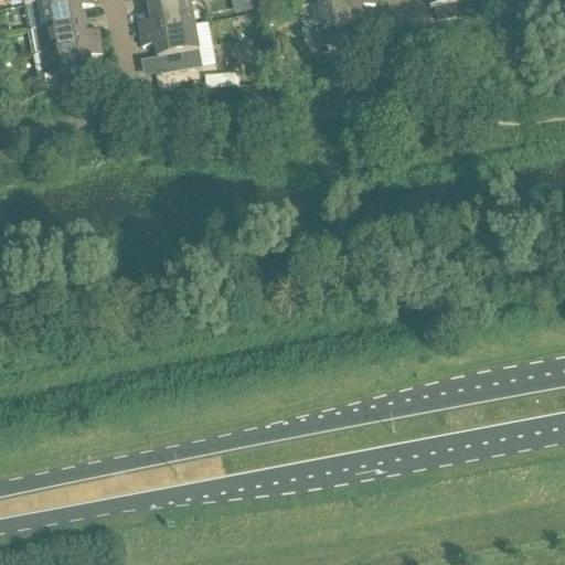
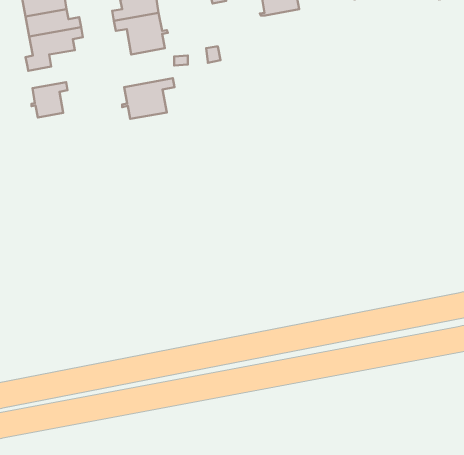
building: none -> [122,78,174,119]
building: none -> [31,82,68,117]

